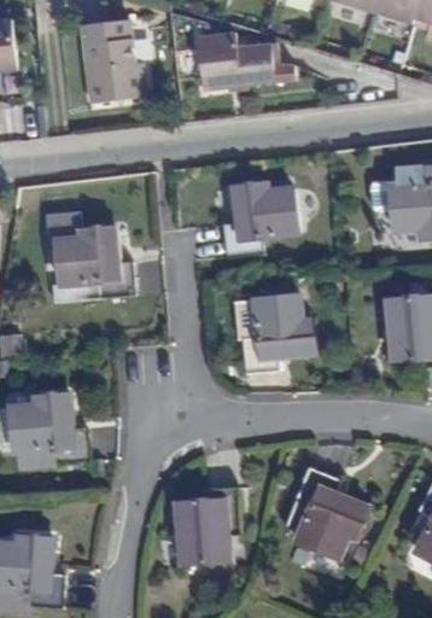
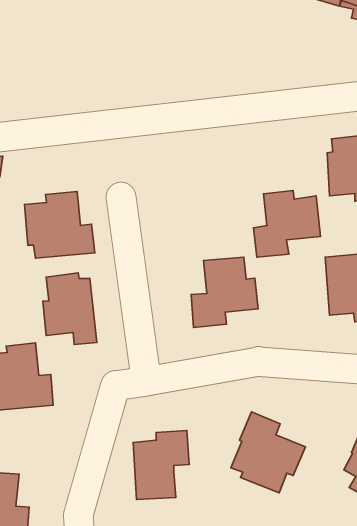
building: [81,18,139,100] -> none
building: [192,31,270,89] -> none
building: [223,182,297,256] -> [254,190,320,257]
building: none -> [43,273,97,345]

